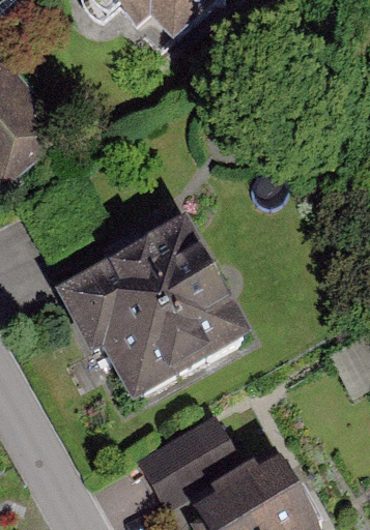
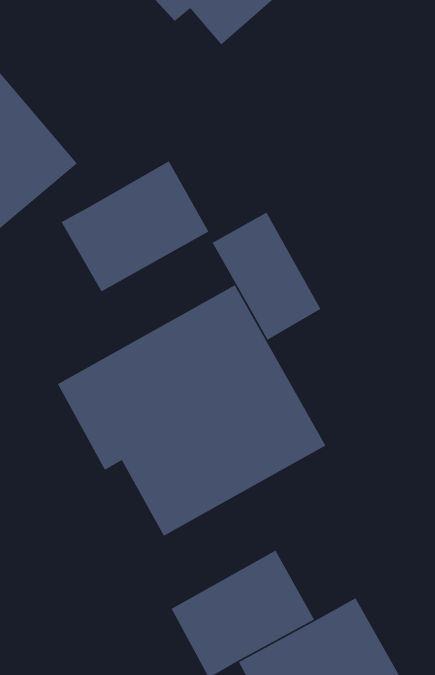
building: none -> [60,160,209,292]
building: none -> [211,211,321,341]

